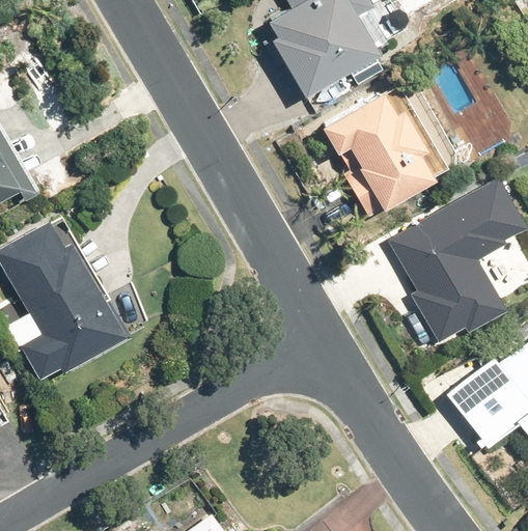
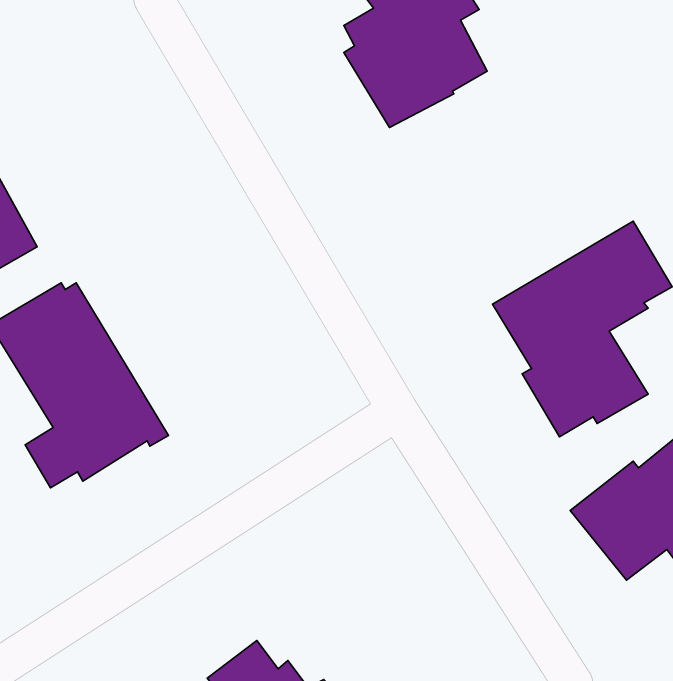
building: [324,93,440,219] -> none

